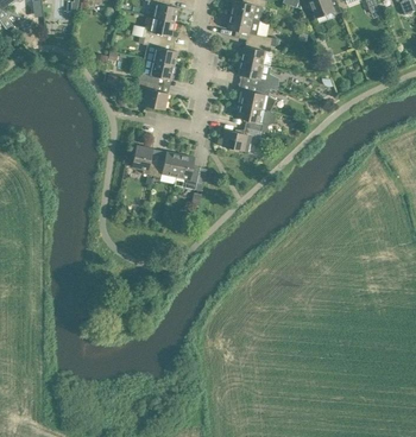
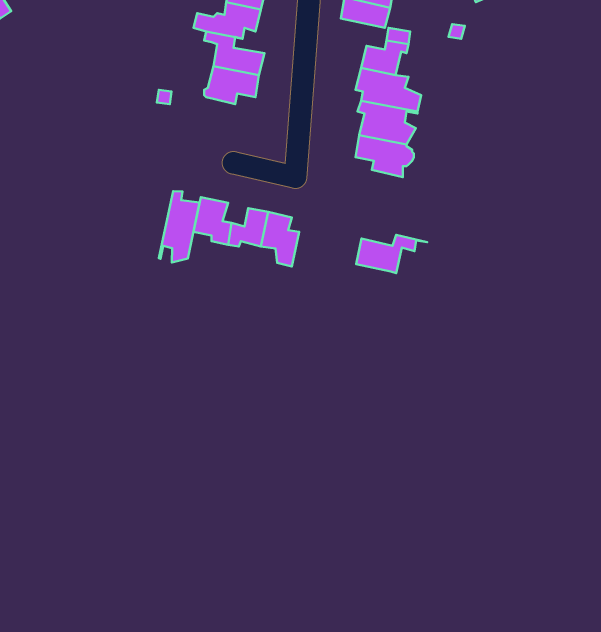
building: [137,78,168,109] -> none
building: [221,126,267,151] -> [356,235,427,273]
building: none -> [159,191,200,262]

